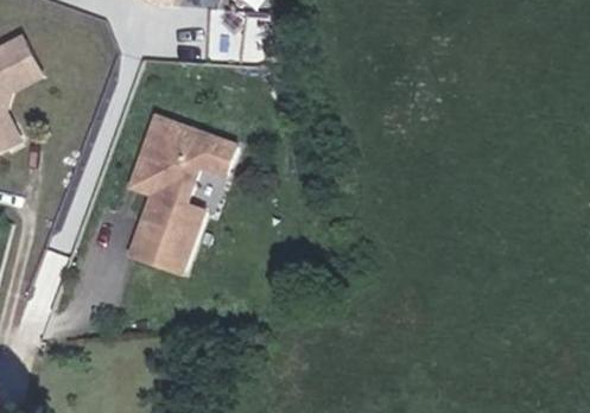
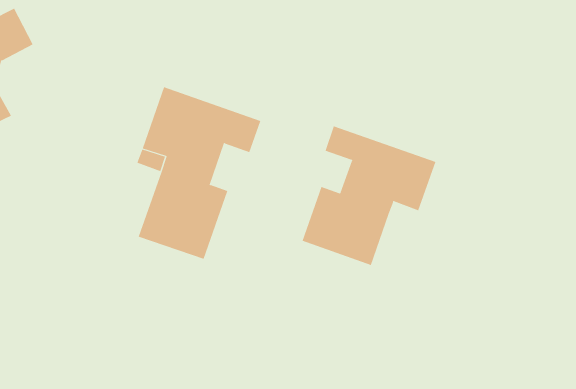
building: none -> [302,125,436,266]

